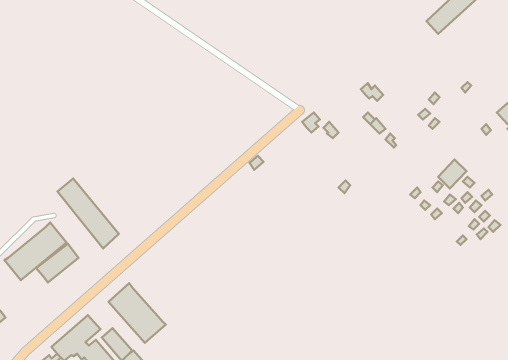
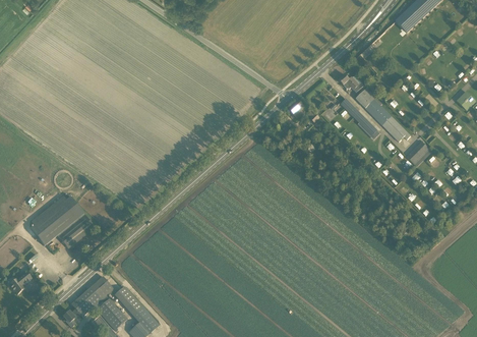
building: none -> [355,87,407,141]
building: [58,178,119,248] -> none
building: [108,283,166,343] -> none

